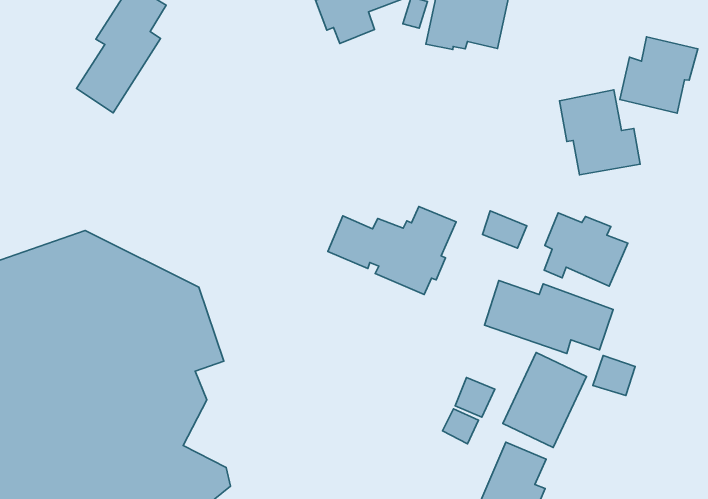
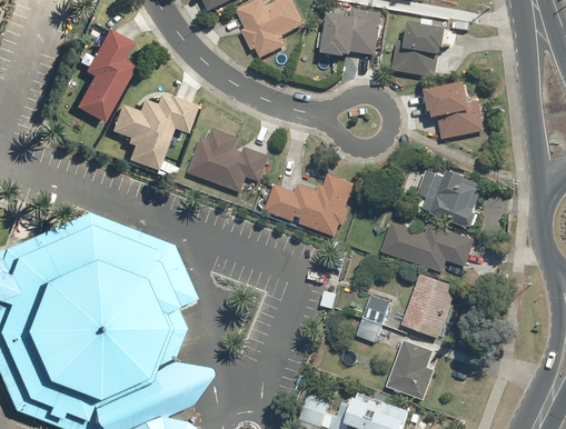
building: [620,37,698,113] -> [391,23,445,77]
building: none -> [109,94,193,171]
building: none -> [188,127,269,191]
building: [483,211,527,248] -> none
building: [593,356,635,395] -> none

